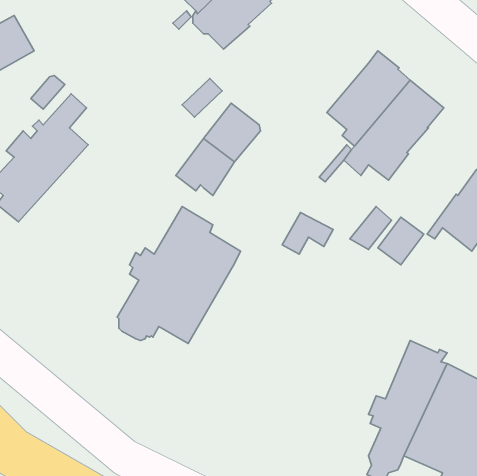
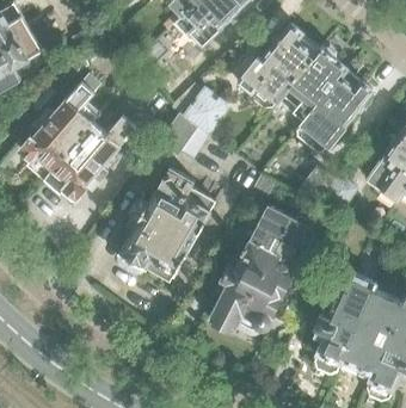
building: none -> [239,25,314,110]
building: none -> [43,117,135,198]
building: none -> [211,206,316,332]

